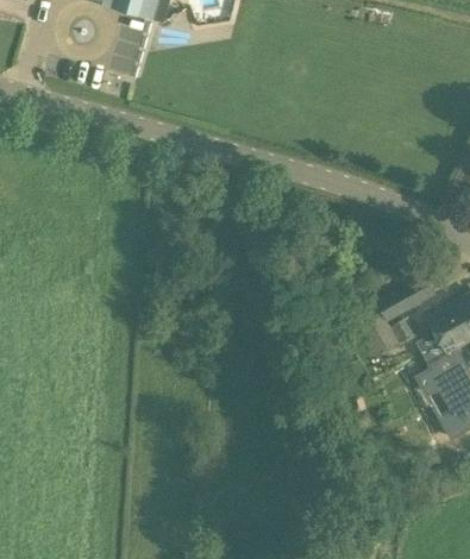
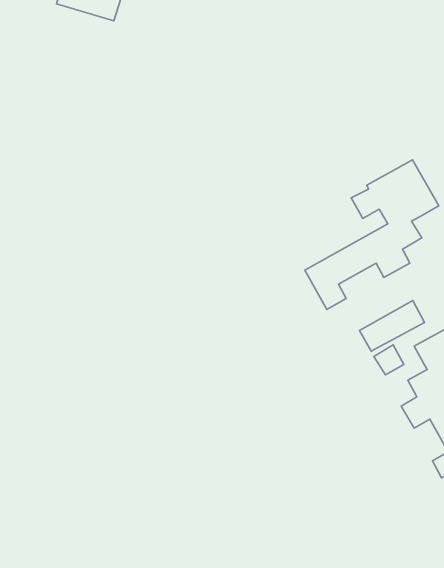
building: none -> [305,160,439,310]

